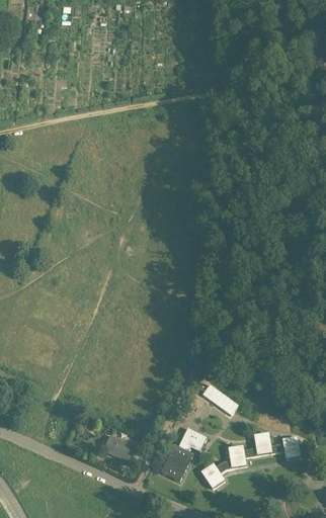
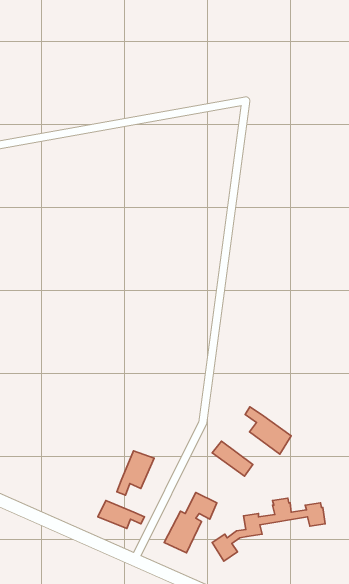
building: none -> [245,407,291,454]
building: none -> [117,451,154,495]

